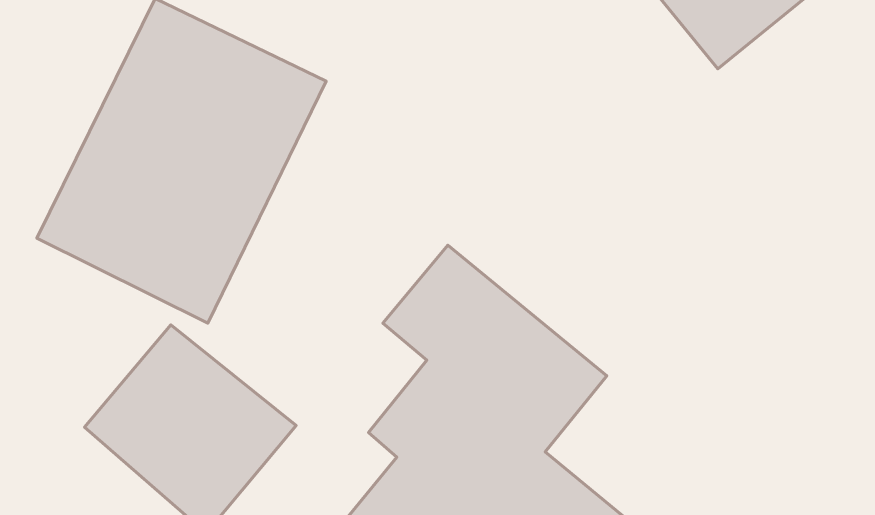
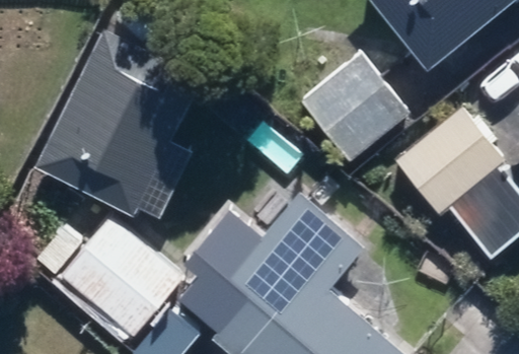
building: none -> [300,54,411,161]
building: none -> [395,108,505,215]

